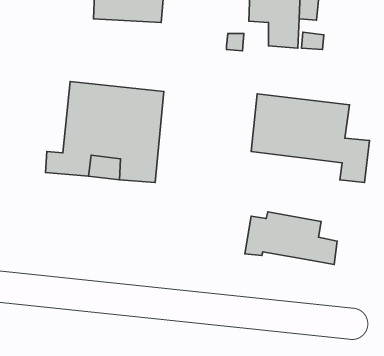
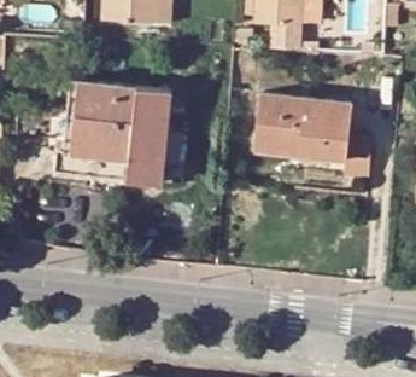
building: [245,212,337,264] -> none

